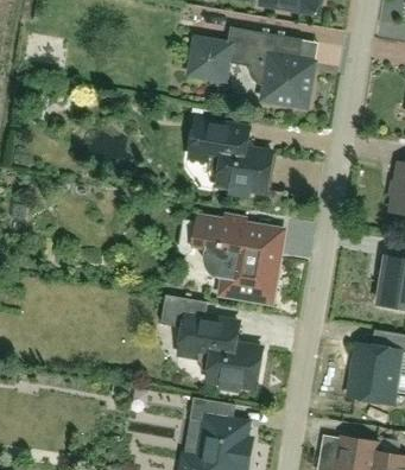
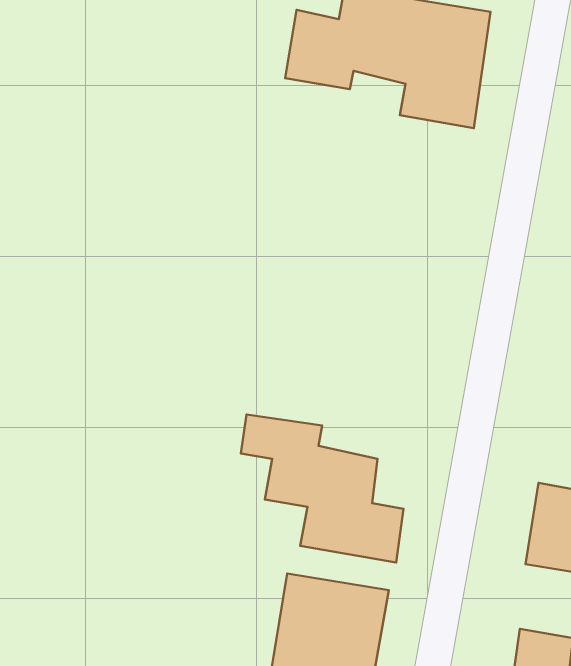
building: [182,118,277,198] -> none
building: [191,210,286,305] -> none

